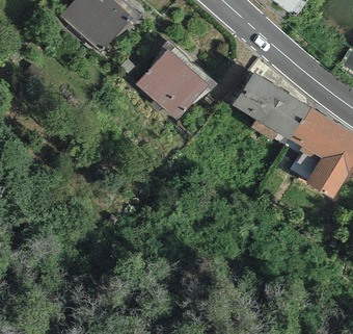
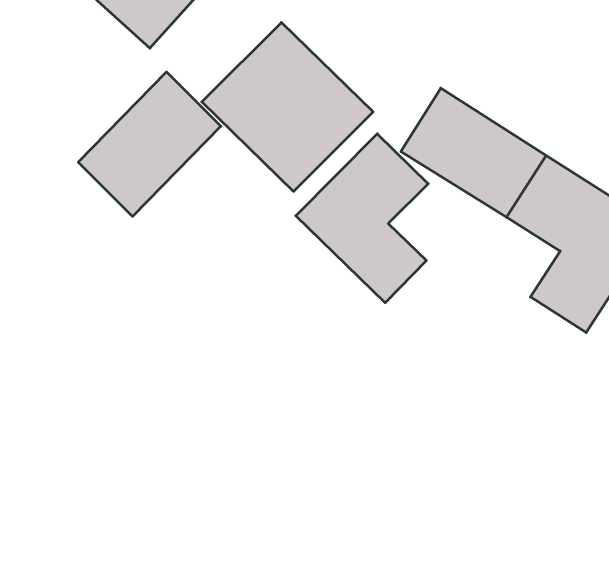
building: none -> [78,72,221,216]
building: none -> [296,134,428,303]

